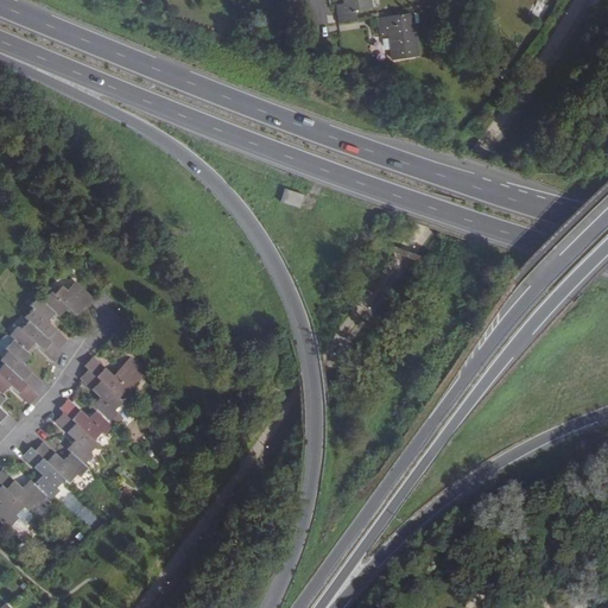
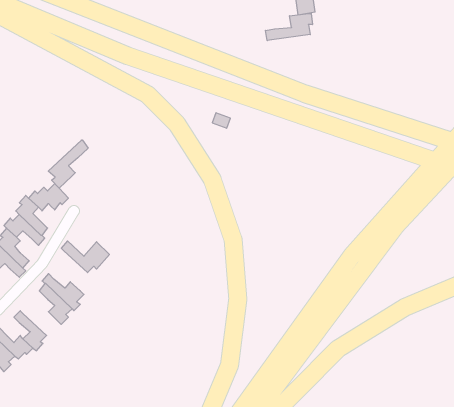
building: none -> [265,13,312,41]
building: none -> [48,140,88,188]
building: [78,368,131,426] -> none
building: [33,441,88,482] -> none

